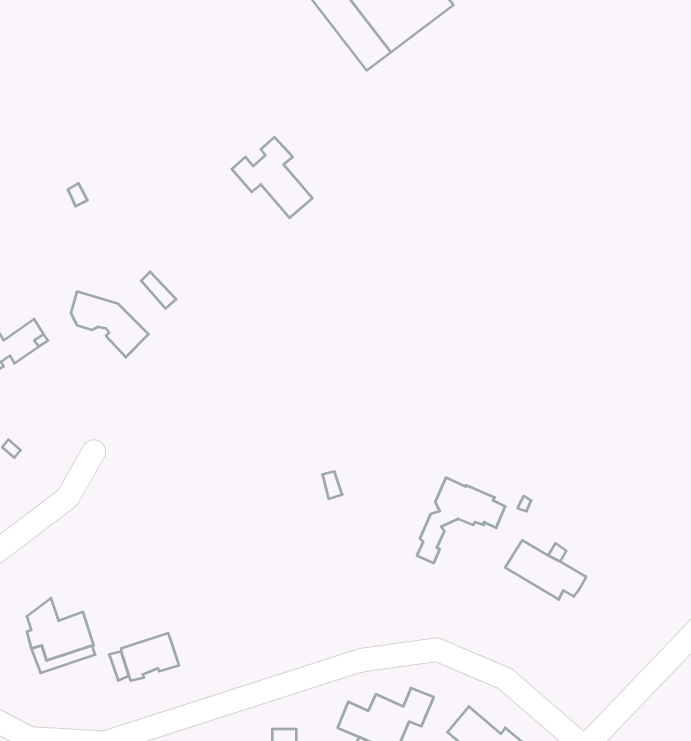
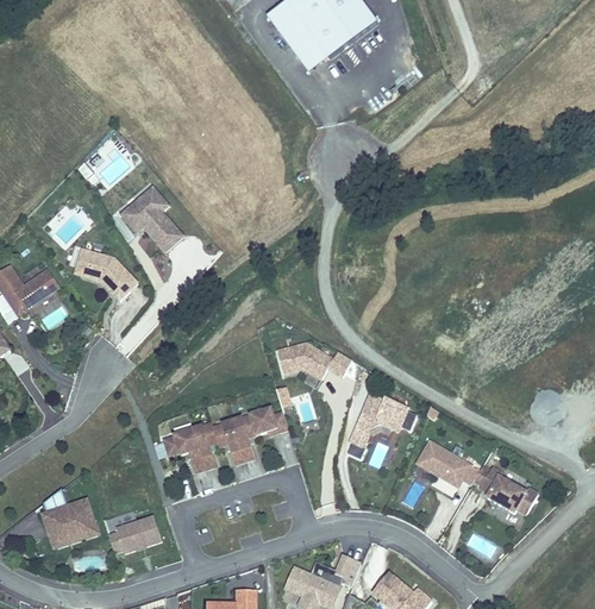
building: [232,137,312,218] -> [117,189,180,252]
building: none -> [277,344,352,378]
building: none -> [164,410,288,472]
building: none -> [474,465,538,515]

